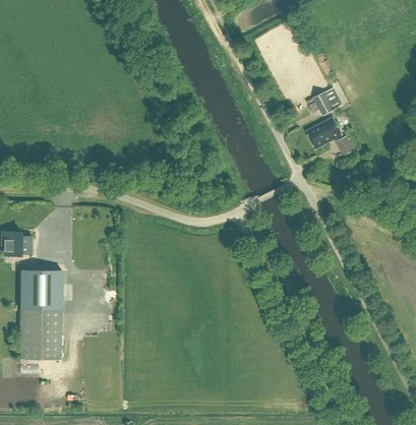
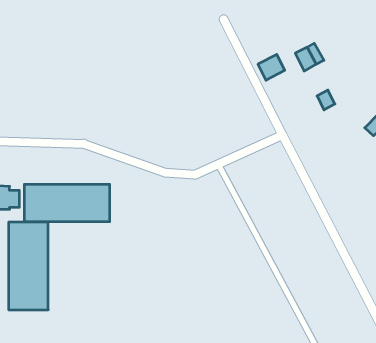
building: [308,120,336,146] -> [258,54,285,80]
building: none -> [24,184,110,222]

